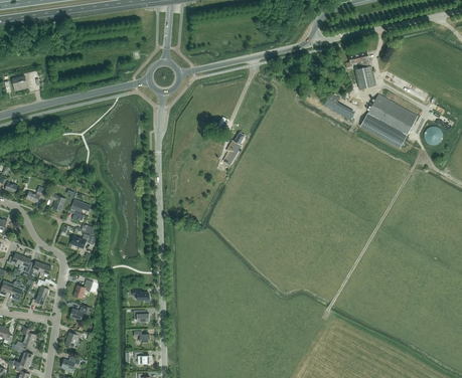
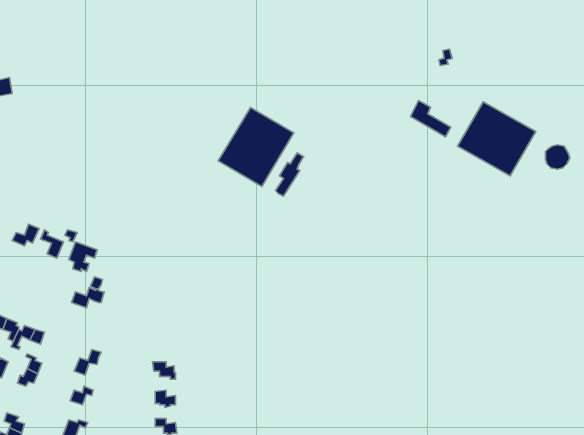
building: [355,52,374,89] -> none
building: none -> [218,107,294,186]

